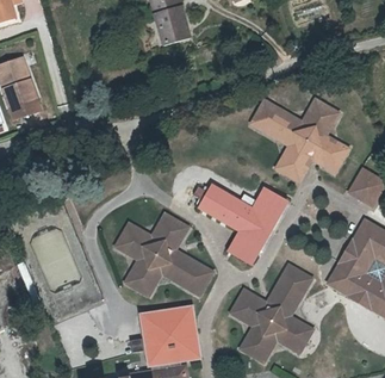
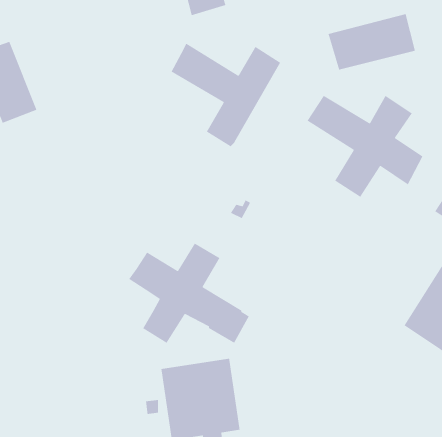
building: none -> [327,13,416,71]
building: [203,184,288,265] -> [171,43,281,147]
building: [232,266,309,359] -> none

